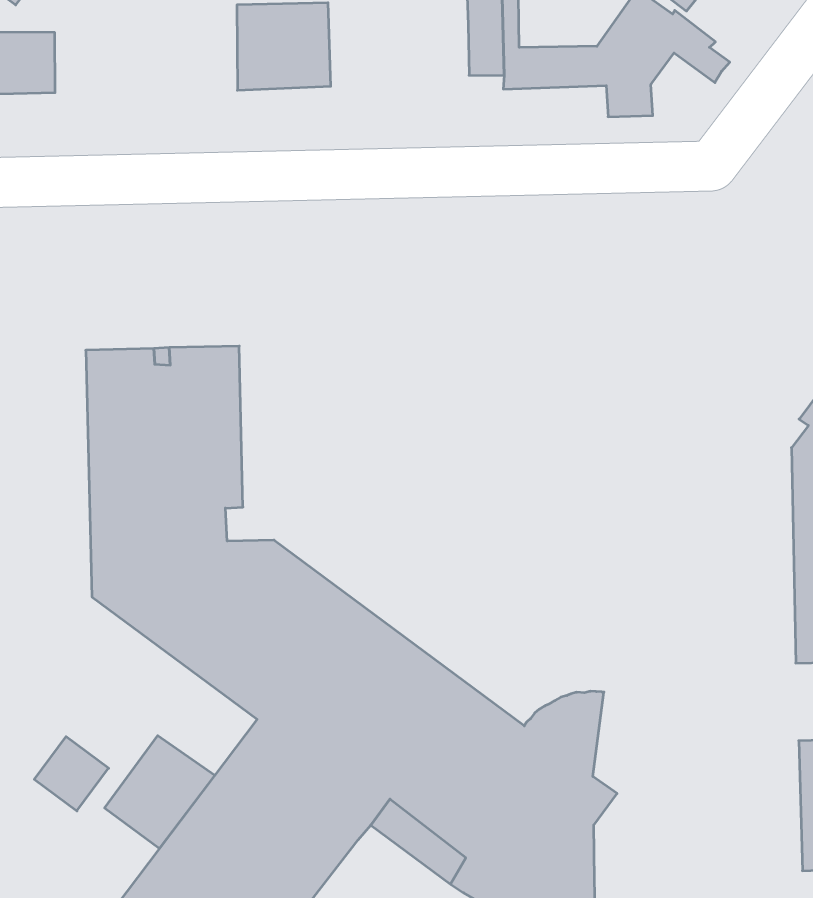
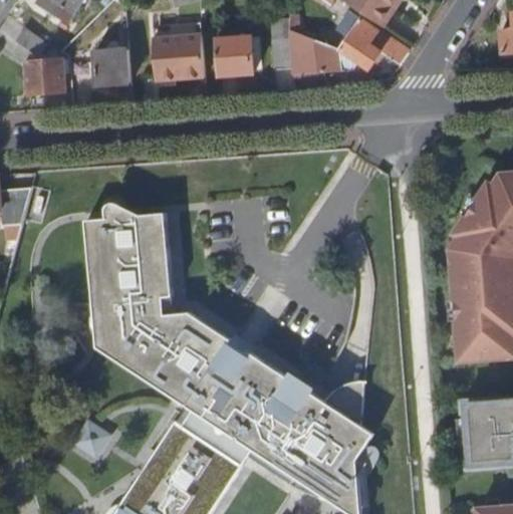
building: none -> [215,38,252,72]
building: none -> [92,47,130,82]
building: [105,736,215,849] -> none

